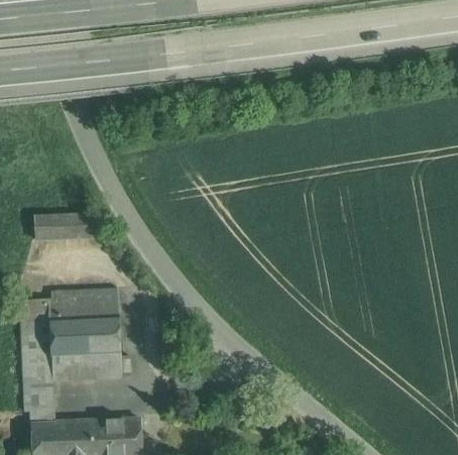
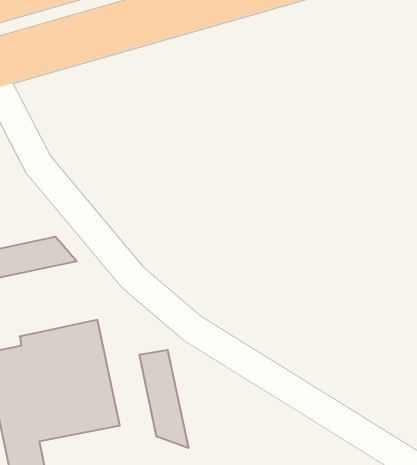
building: none -> [140,350,188,448]

